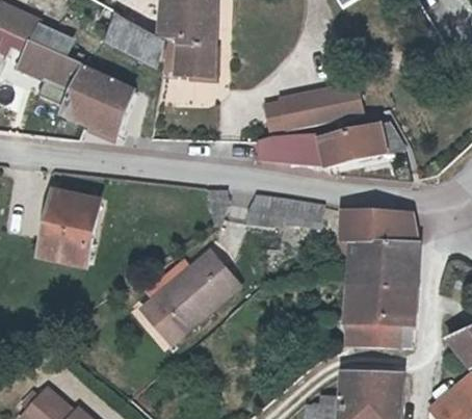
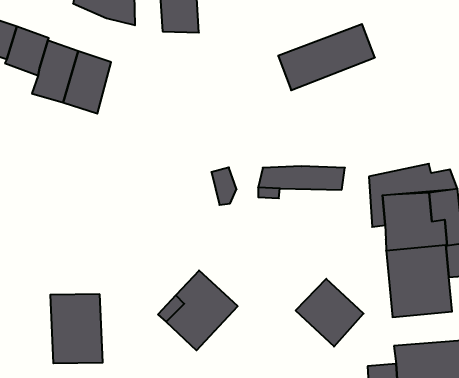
building: [254,127,396,165] -> none
building: [42,197,89,261] -> [50,294,103,363]
building: [184,256,242,315] -> [296,279,364,347]

